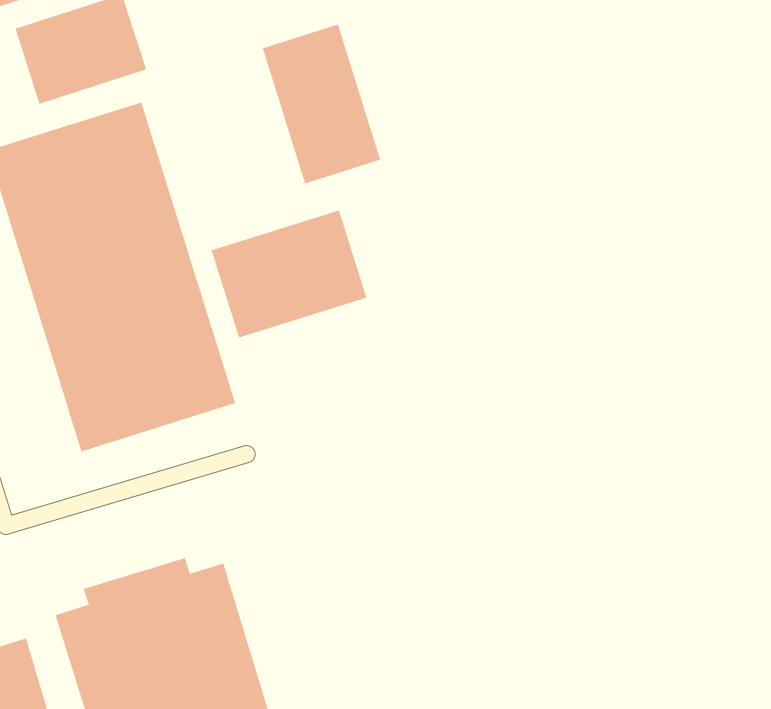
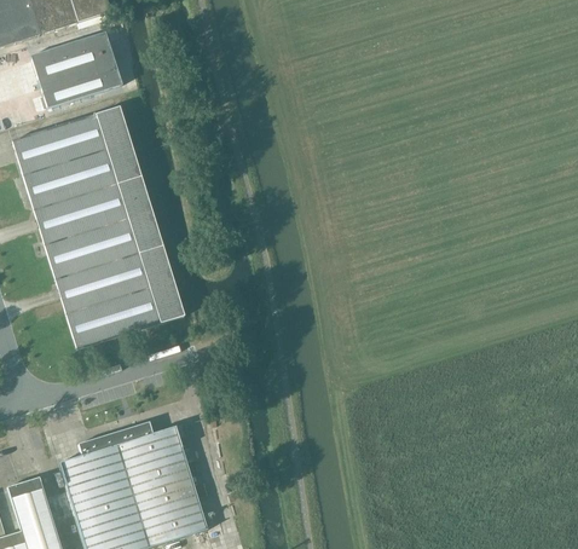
building: [262,23,381,184] -> none
building: [210,210,367,339] -> none

